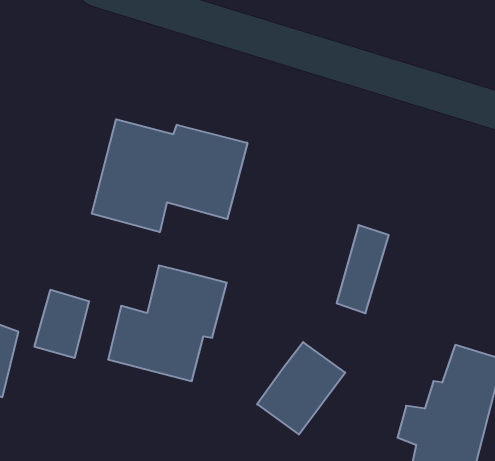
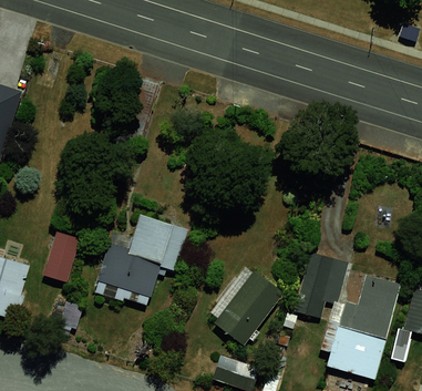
building: [92,119,247,232] -> none
building: [337,225,389,313] -> [294,249,333,317]

